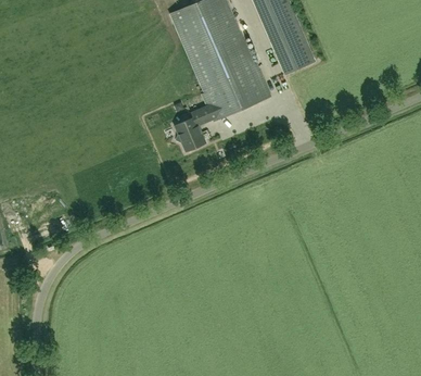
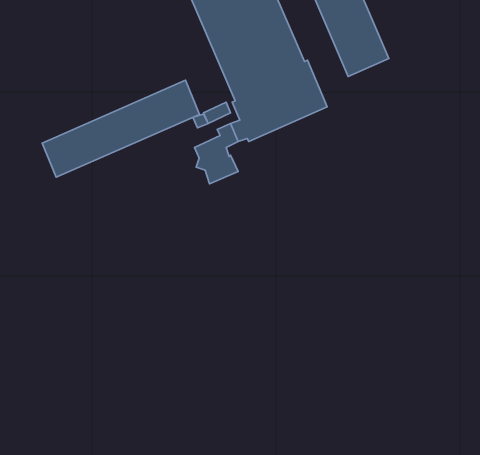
building: none -> [42,80,199,177]

